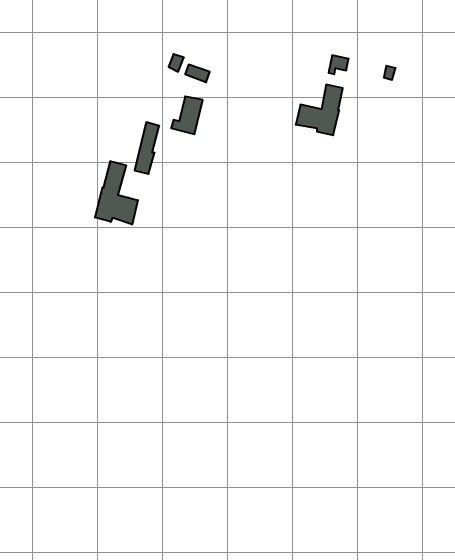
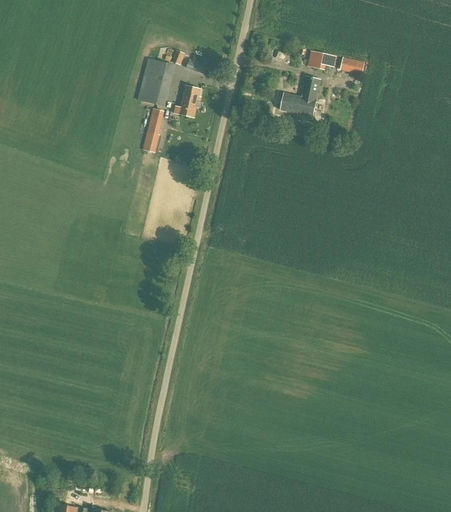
building: none -> [138,59,175,106]
building: [95,161,138,225] -> none

